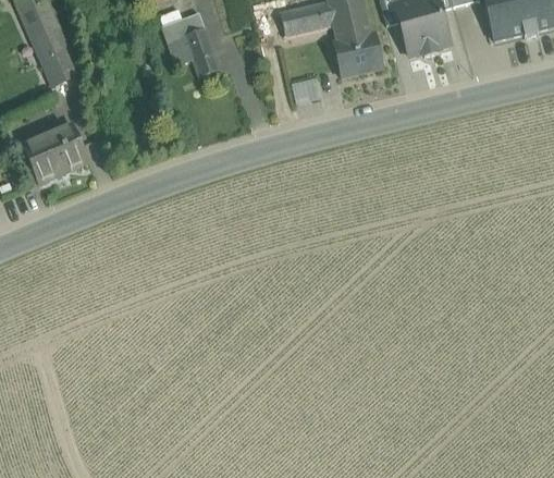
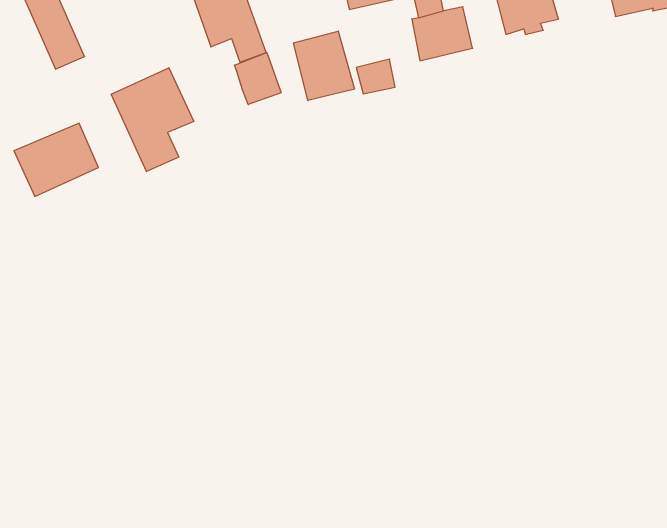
building: none -> [294,31,354,101]
building: none -> [234,52,281,105]
building: none -> [111,68,194,172]

